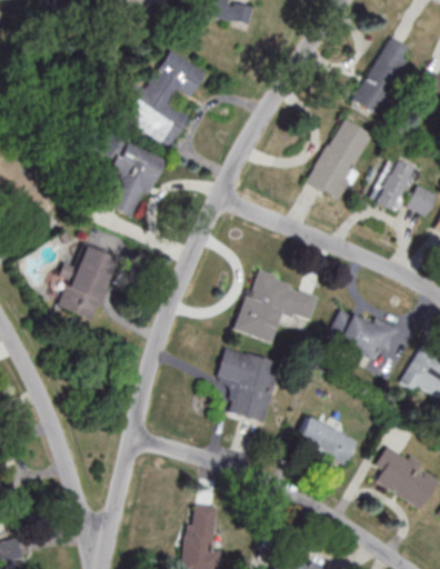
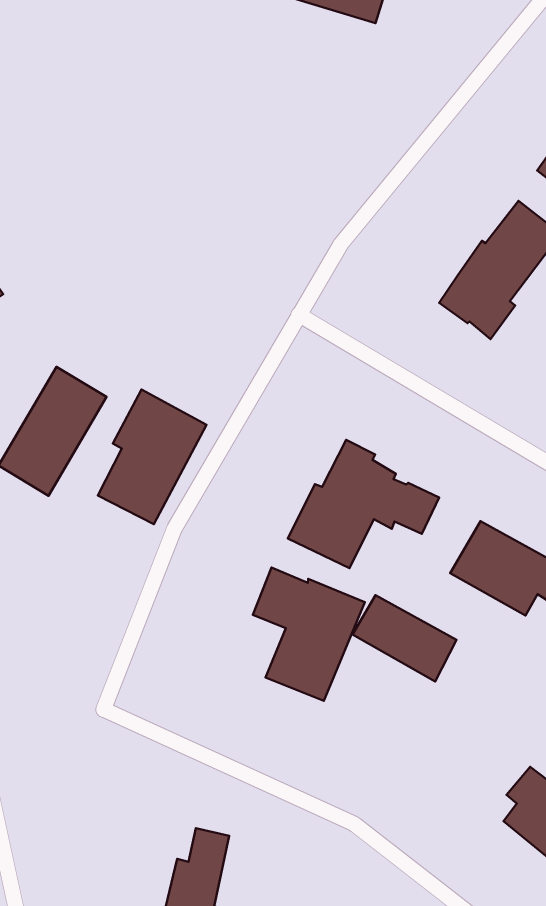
building: [117,49,207,148] -> none
building: [104,141,163,219] -> [98,389,206,524]
building: [296,417,357,463] -> [352,595,457,682]

